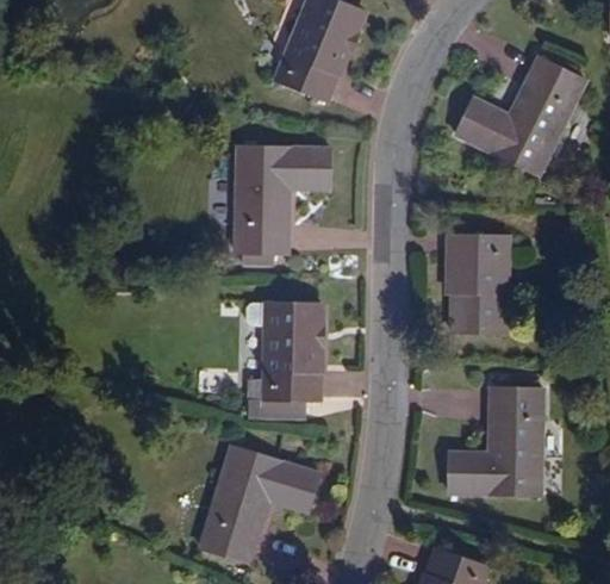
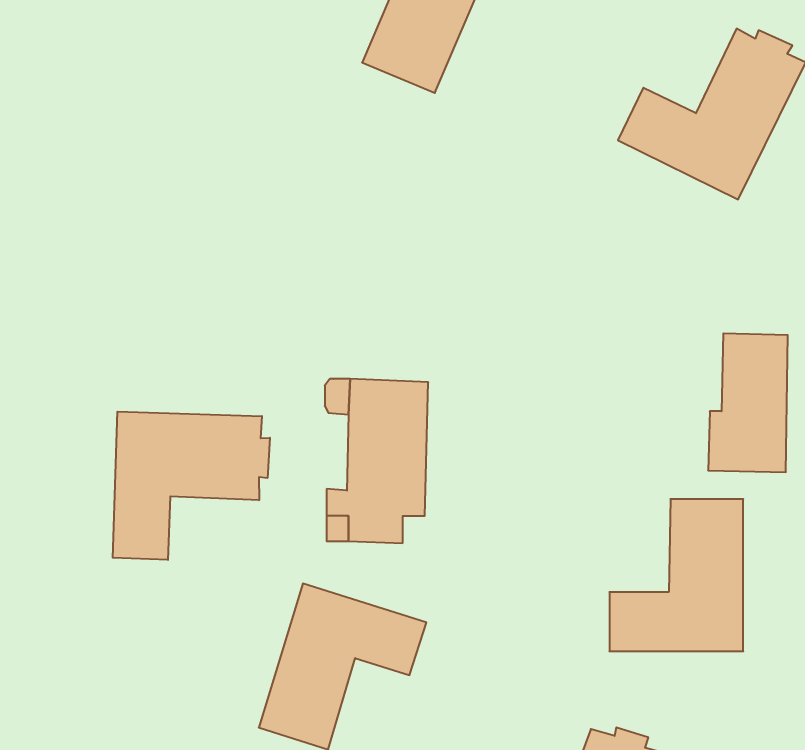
building: [236,145,330,263] -> none
building: [450,235,506,333] -> [708,333,788,472]
building: none -> [113,412,270,560]

